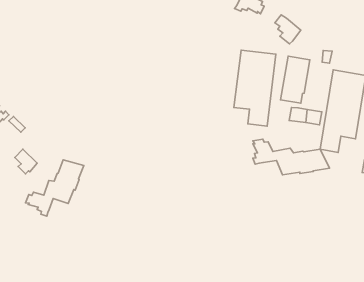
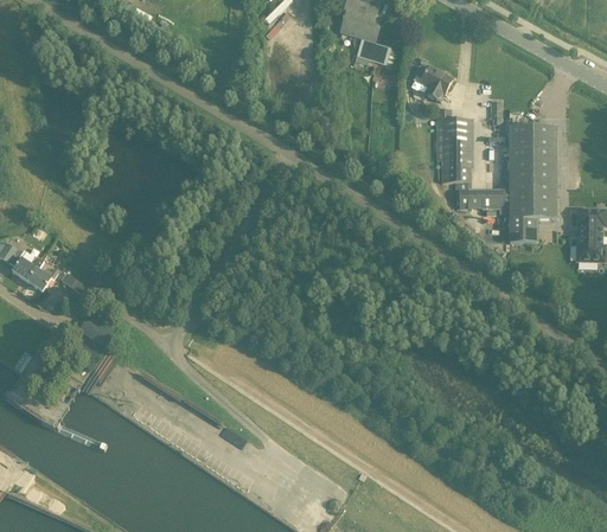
building: [234,50,276,126] -> none
building: [253,139,330,175] -> none
building: [26,160,84,216] -> none

